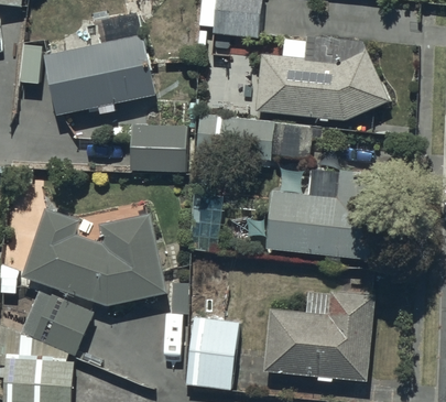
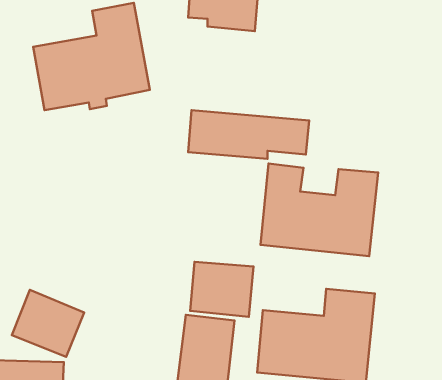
building: [259,51,388,119] -> none
building: [127,124,186,174] -> none
building: [21,207,166,305] -> none
building: none -> [190,262,254,317]

